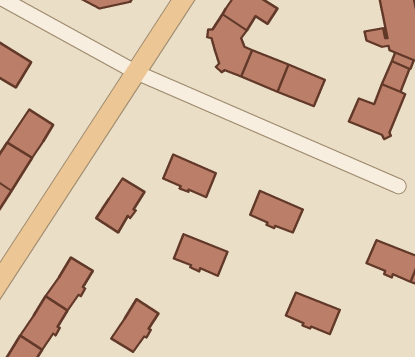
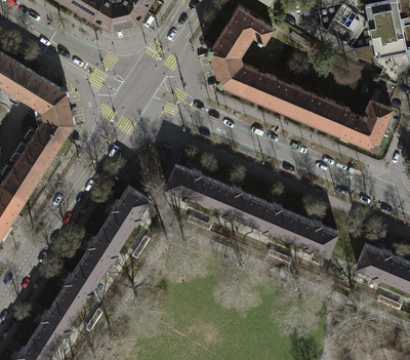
building: none -> [29,79,73,137]
building: none -> [306,95,350,134]
building: [174,234,228,276] -> [206,183,256,222]
building: [286,292,340,334] -> [287,216,337,255]
building: [111,299,159,352] -> [80,225,124,274]

